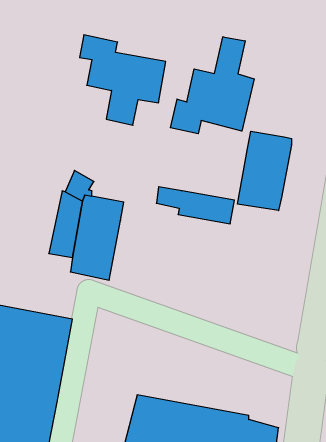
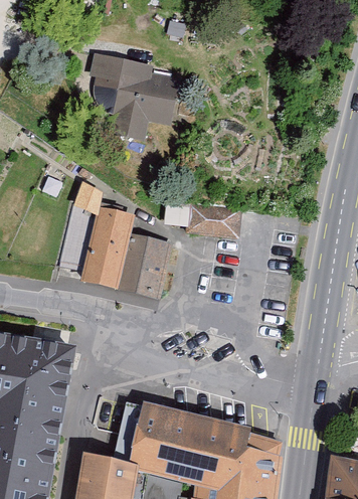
building: [170,37,254,134] -> none
building: [238,131,292,211] -> none
building: none -> [116,238,163,304]

